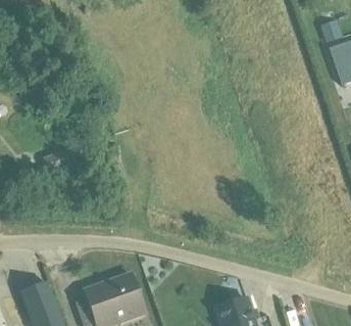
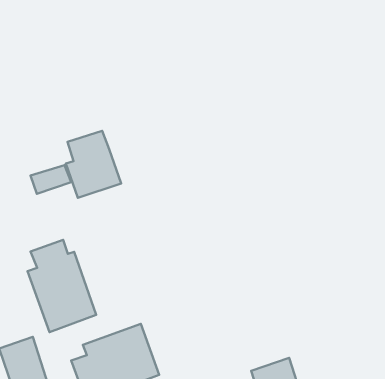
building: none -> [66,131,121,198]
building: none -> [27,240,96,332]

